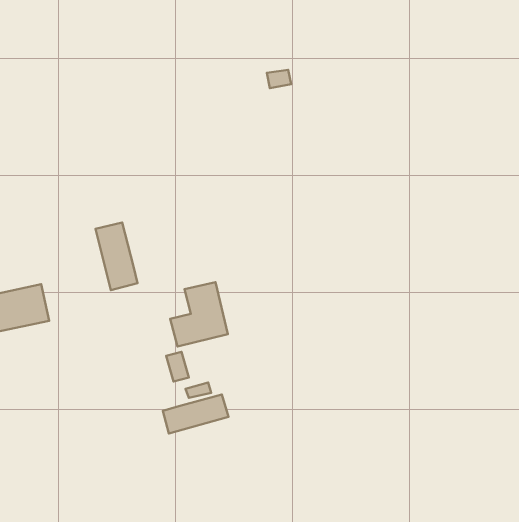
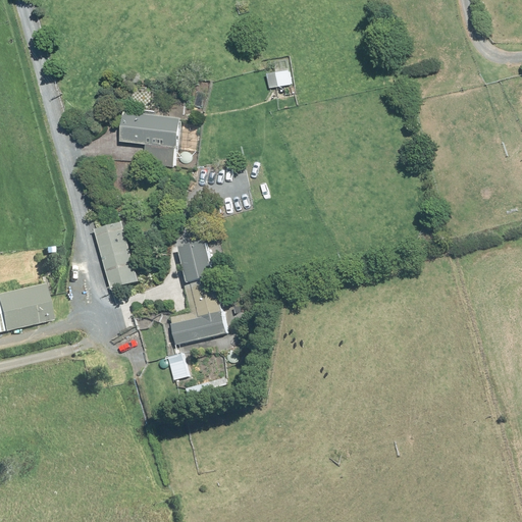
building: none -> [119,112,180,166]
building: none -> [180,242,213,281]
building: [163,394,228,433] -> none

